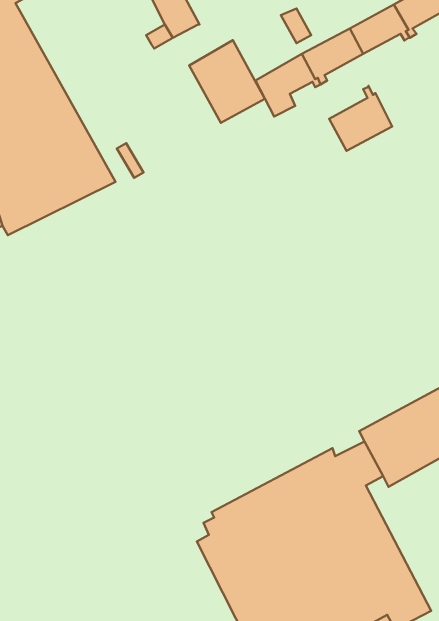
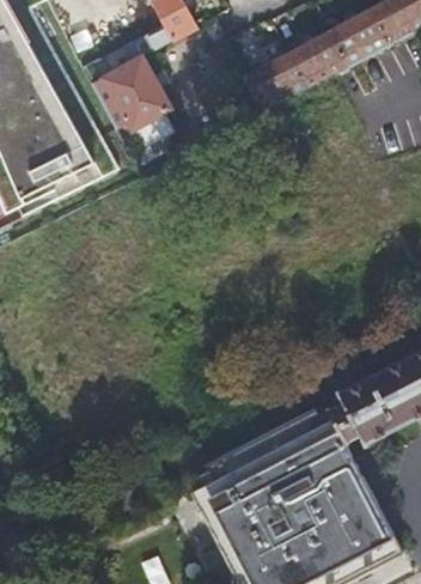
building: [189,40,265,123] -> [102,56,170,130]
building: [329,86,392,151] -> none

